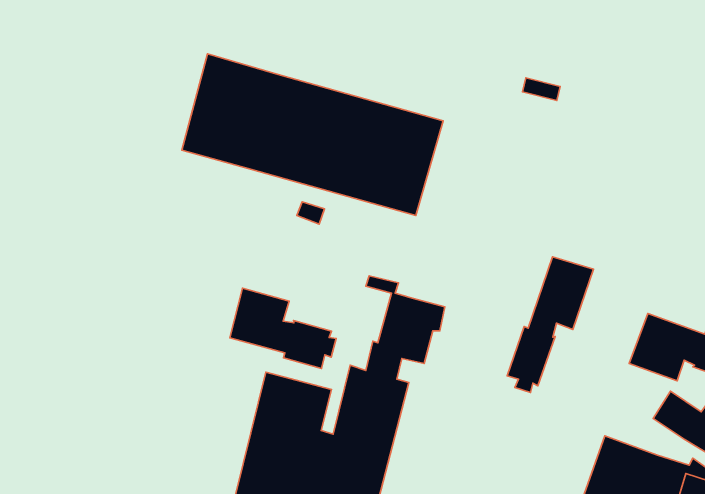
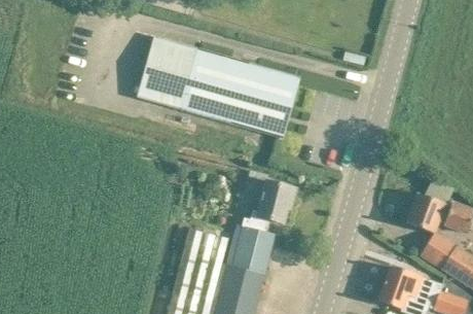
building: [507,257,594,392] -> none
building: [230,288,336,369] -> none

